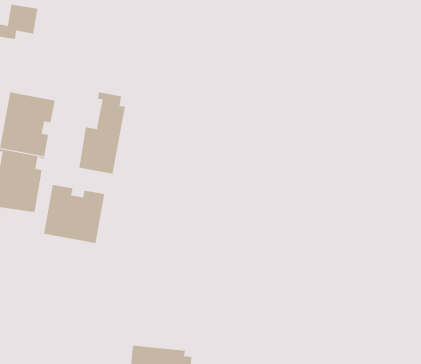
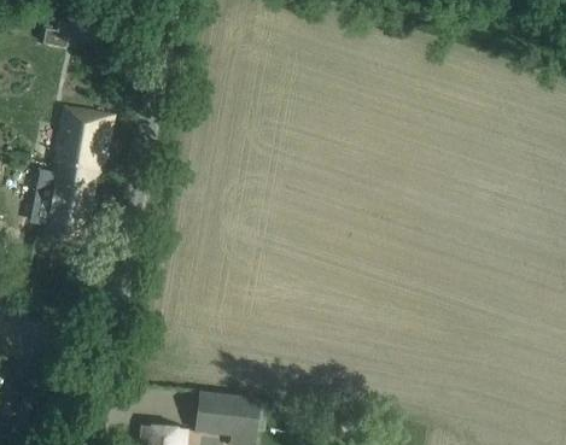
building: [79,91,126,175] -> none
building: [43,184,105,244] -> none

